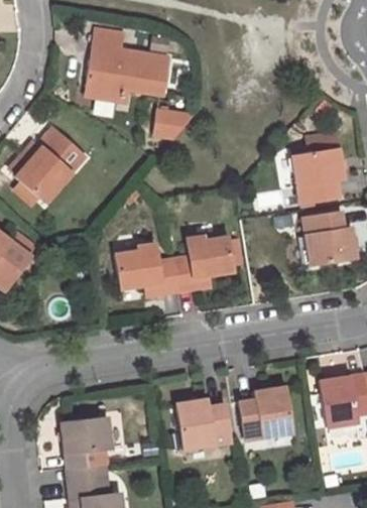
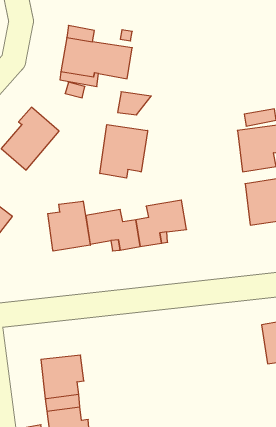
building: none -> [100,125,148,178]
building: none -> [48,201,90,251]
building: [240,387,294,439] -> none
building: [177,399,231,451] -> none

